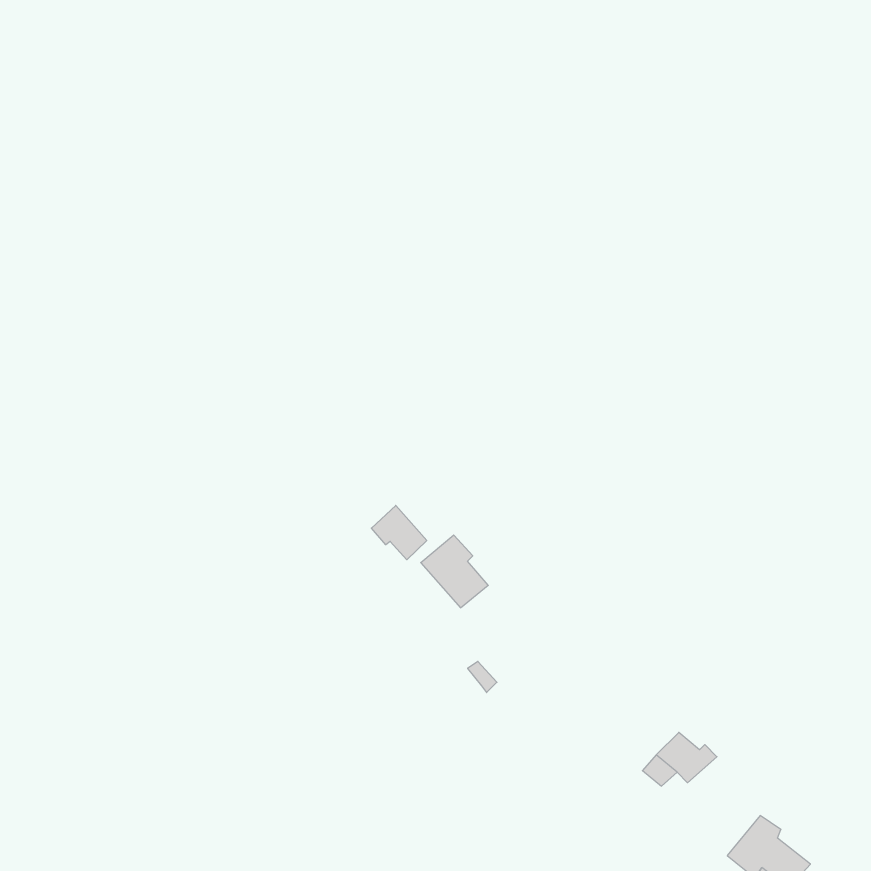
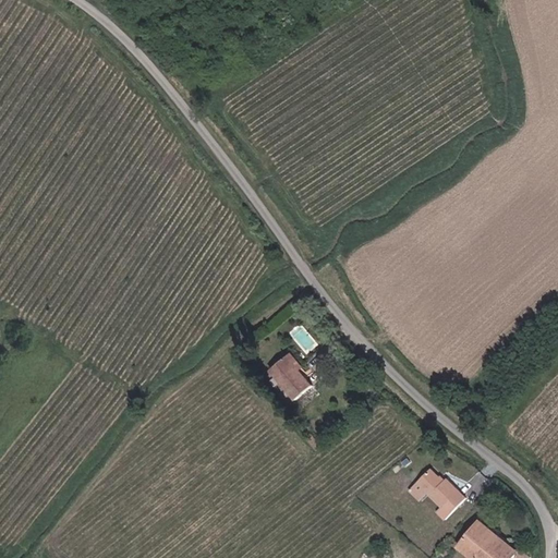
building: [371,505,427,560] -> none
building: none -> [433,485,465,520]

